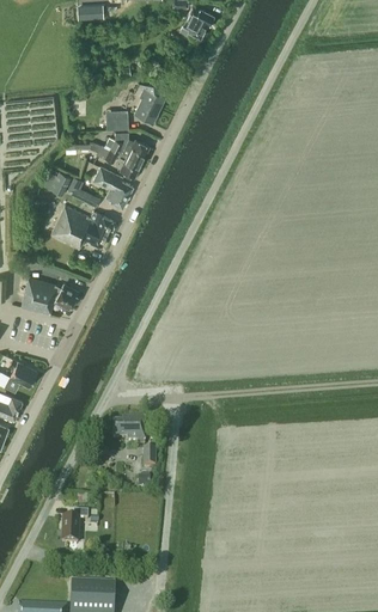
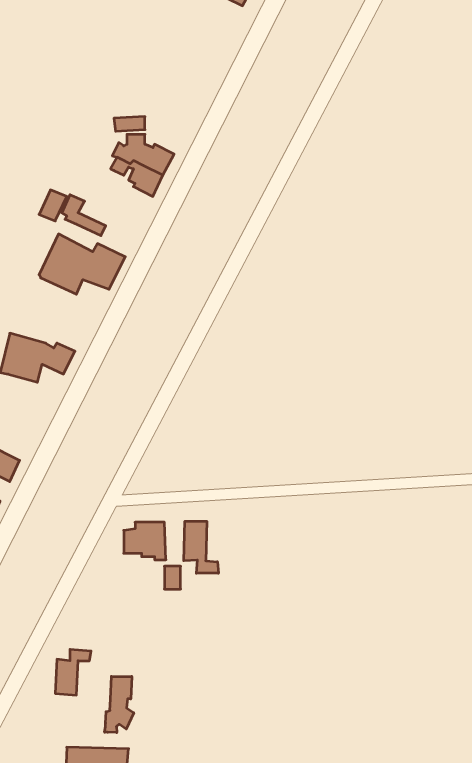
building: [134,81,164,121] -> none
building: [93,166,133,208] -> none
building: none -> [184,521,218,573]
building: none -> [105,676,134,733]

